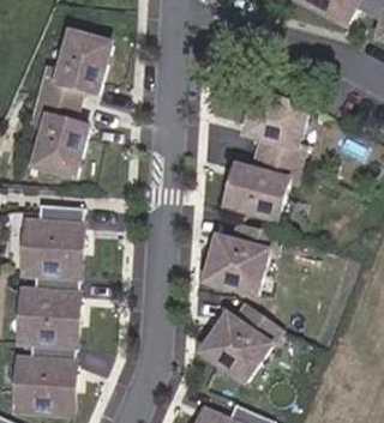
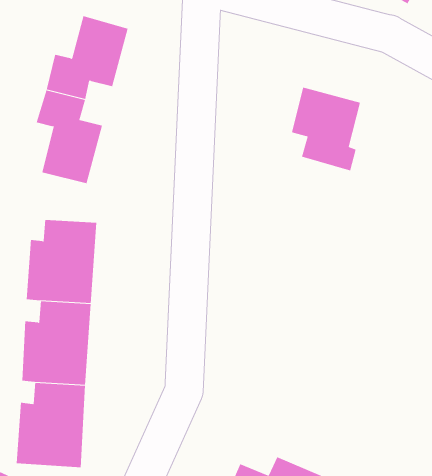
building: [227,153,296,218] -> none
building: [206,223,277,294] -> none
building: [203,306,278,381] -> none

